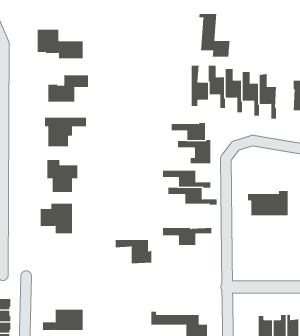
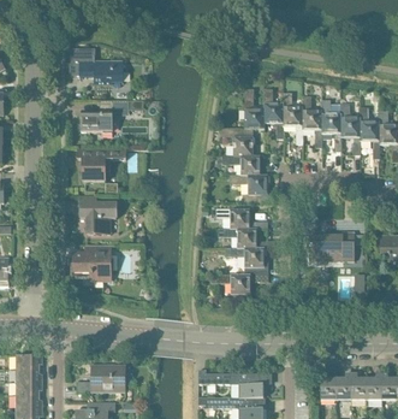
building: [199,13,230,58] -> none
building: none -> [340,102,361,154]
building: none -> [219,128,254,155]
building: [115,239,152,264] -> [226,247,268,275]

